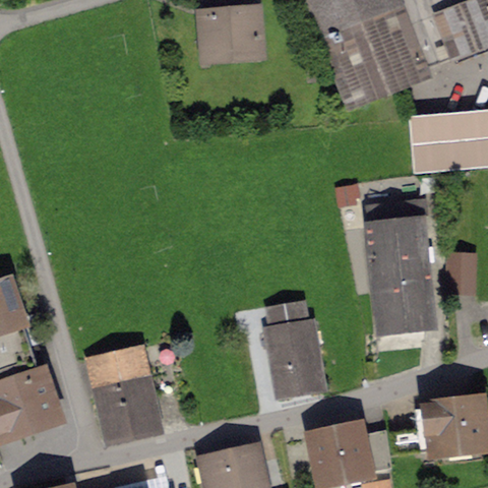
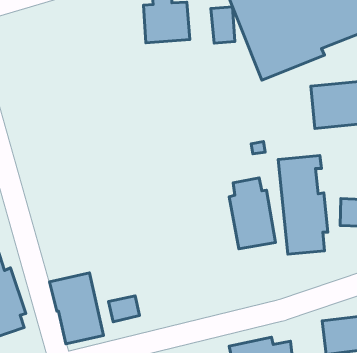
building: none -> [211,7,235,43]
building: [265,306,323,394] -> [229,178,276,249]
building: none -> [109,296,139,322]

